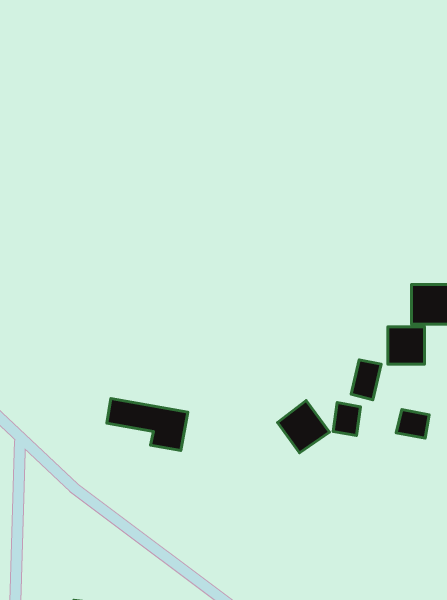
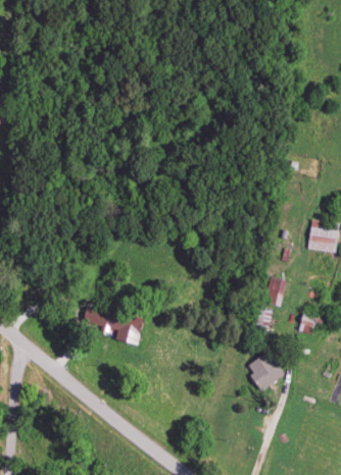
building: [388,327,425,364] -> none
building: [278,401,330,453] -> [245,352,284,390]

